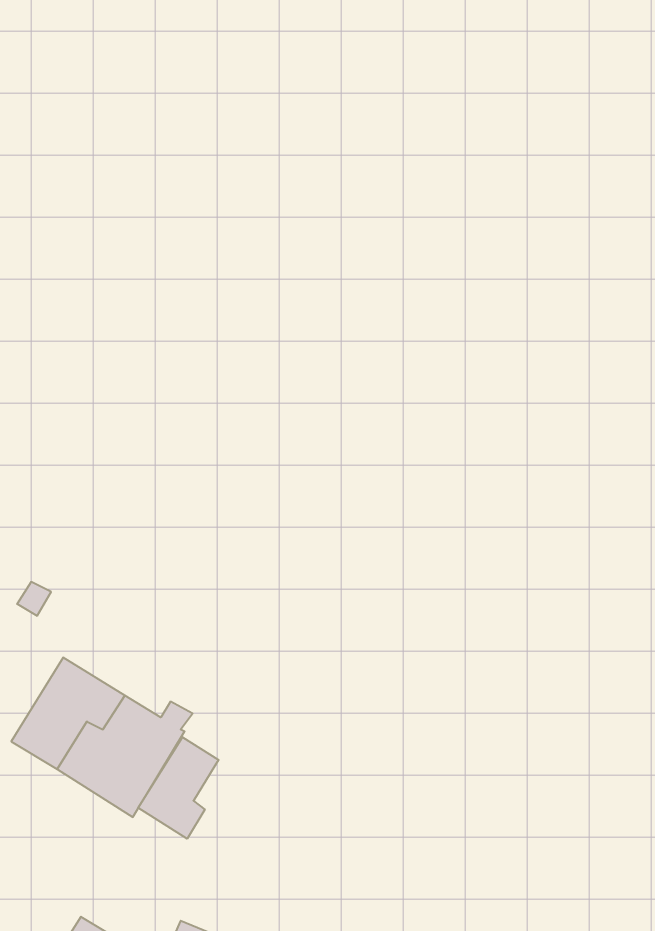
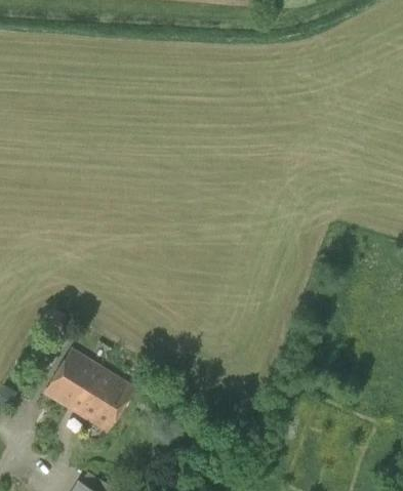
building: [138,737,219,839] -> none

